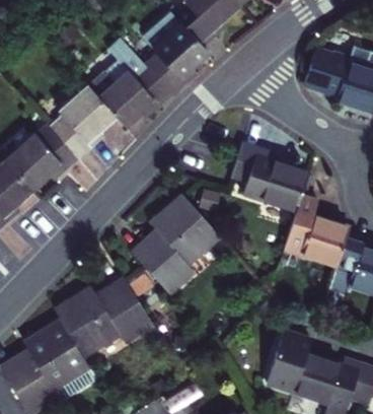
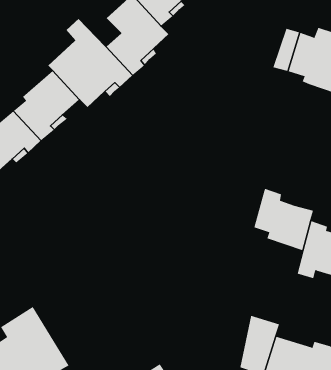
building: [232,143,309,209] -> none
building: [134,197,218,296] -> none
building: [57,281,153,355] -> none

